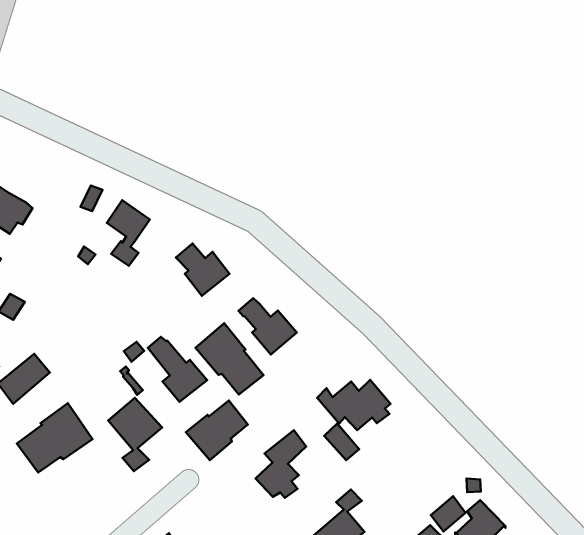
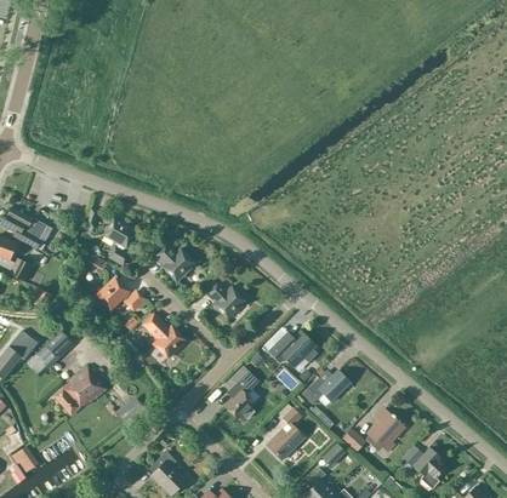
building: none -> [97,277,143,309]
building: [196,323,264,395] -> none
building: [108,398,162,471] -> none
building: [186,400,248,460] -> none
building: none -> [302,370,349,403]

